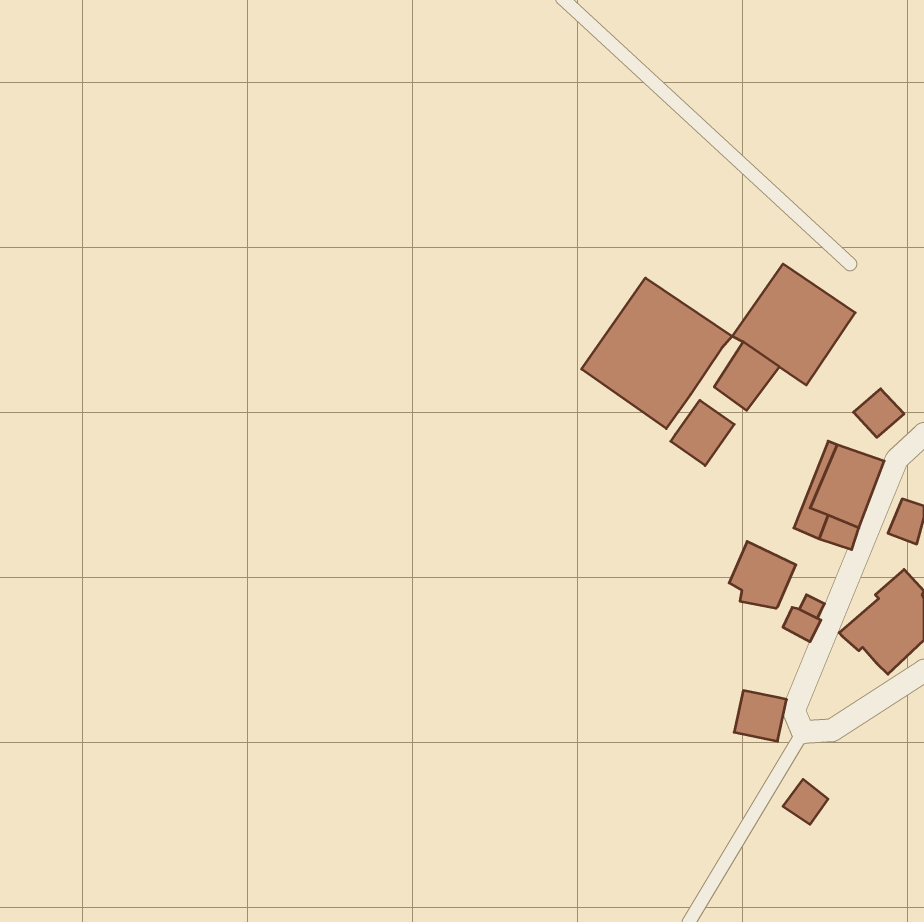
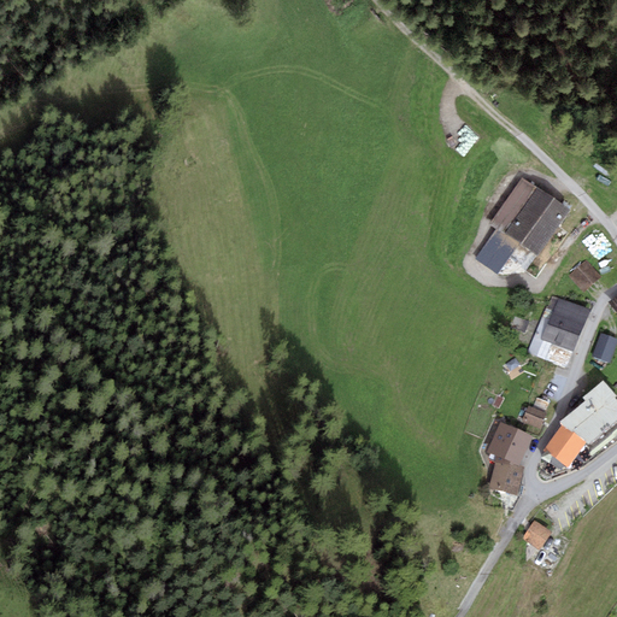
building: [582,278,732,429] -> none
building: [671,400,734,466] -> none
building: [729,541,796,608] -> [488,421,533,465]
building: none -> [545,424,584,465]

